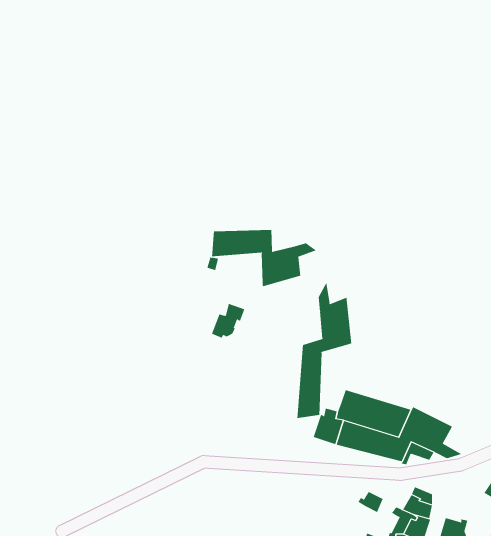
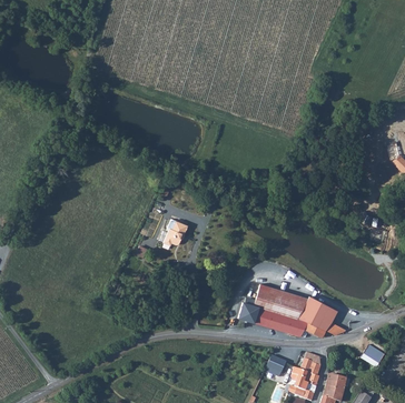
building: [212,229,317,287] -> none
building: [297,281,352,419] -> none

